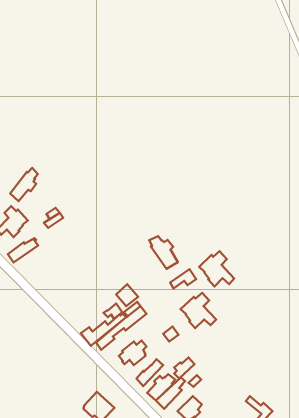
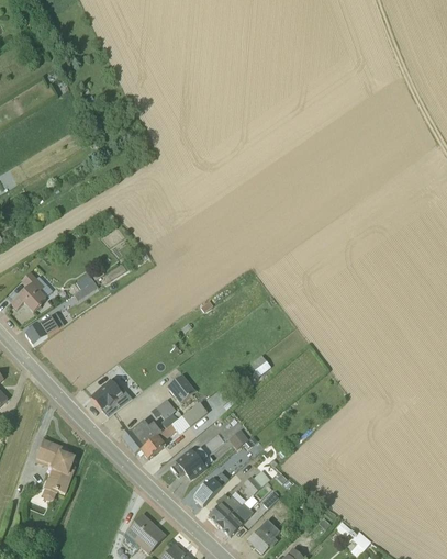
building: [10,168,38,201] -> none
building: [149,236,178,269] -> none
building: [199,251,234,287] -> none
building: none -> [90,376,132,415]
building: [181,293,216,328] -> none
building: none -> [35,438,74,500]

